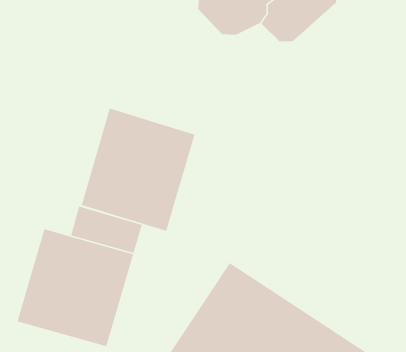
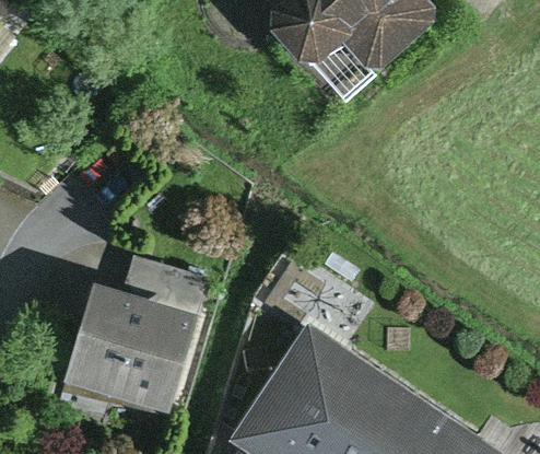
building: [81,108,196,232] -> none

